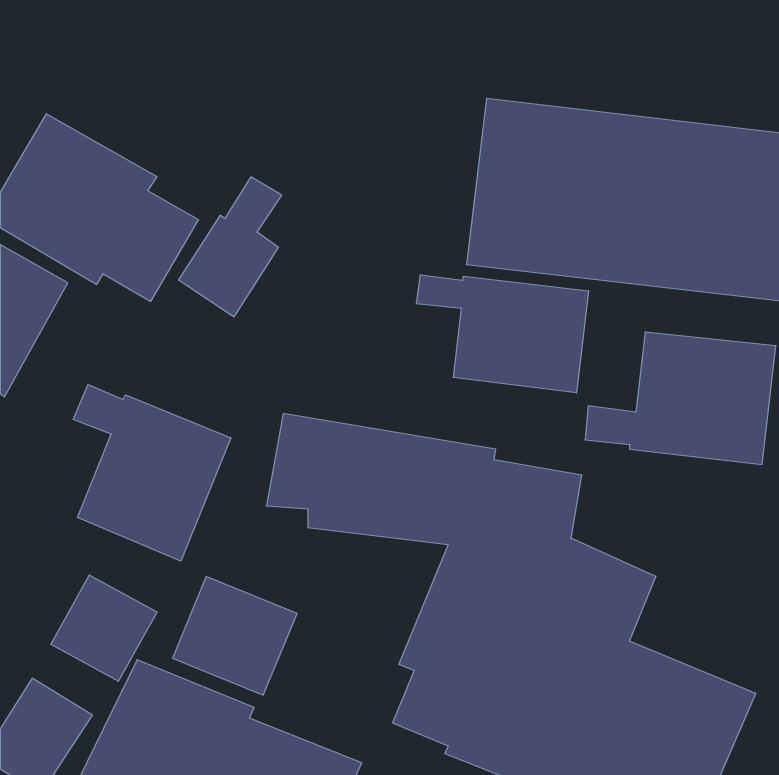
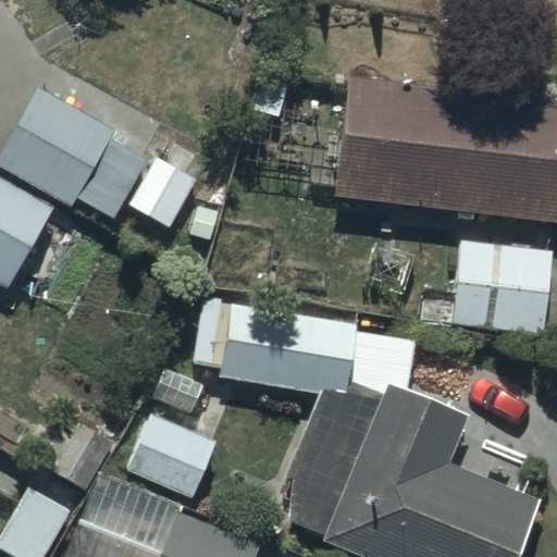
building: [416,275,588,393] -> none
building: [73,384,231,561] -> none

